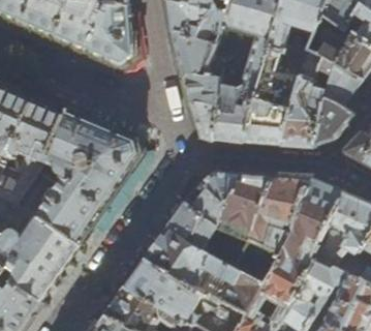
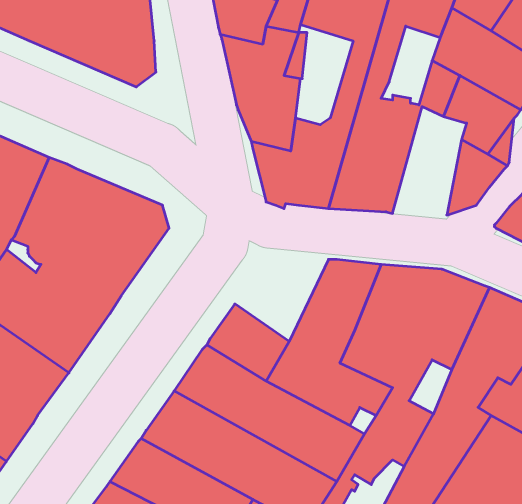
building: [281,78,328,147] -> none
building: [182,172,241,225] -> none

